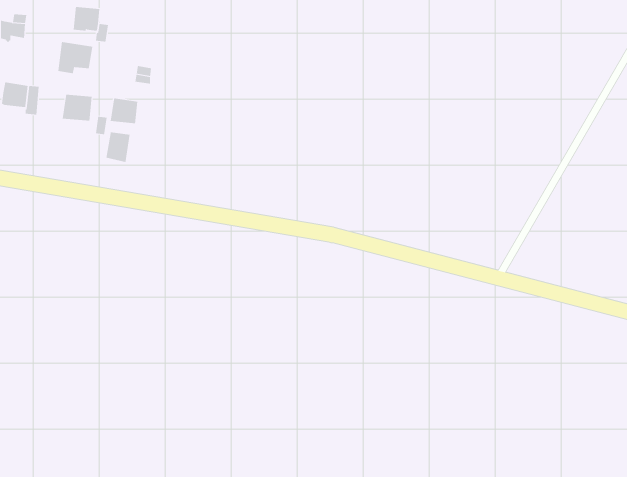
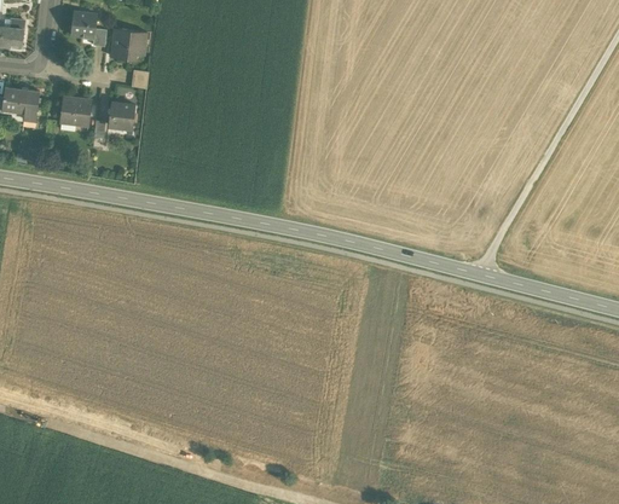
building: [57,42,93,74] -> [112,28,147,59]
building: [106,131,130,163] -> none

